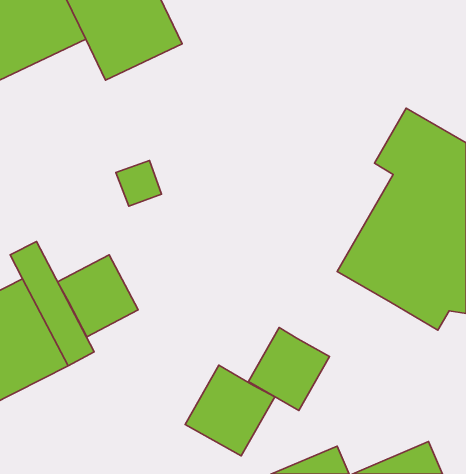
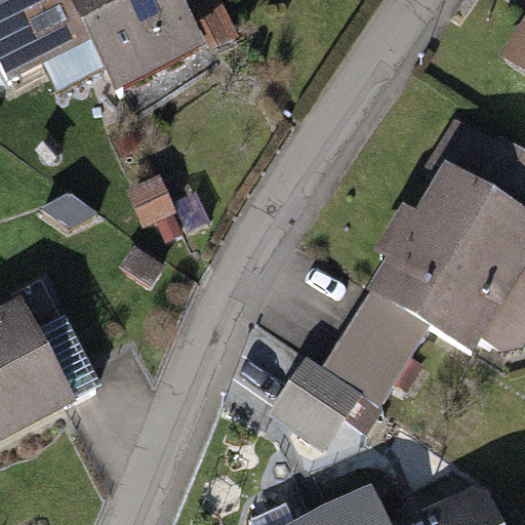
building: [58,255,138,337] -> none
building: none -> [327,298,429,406]
building: [185,365,275,456] -> none

